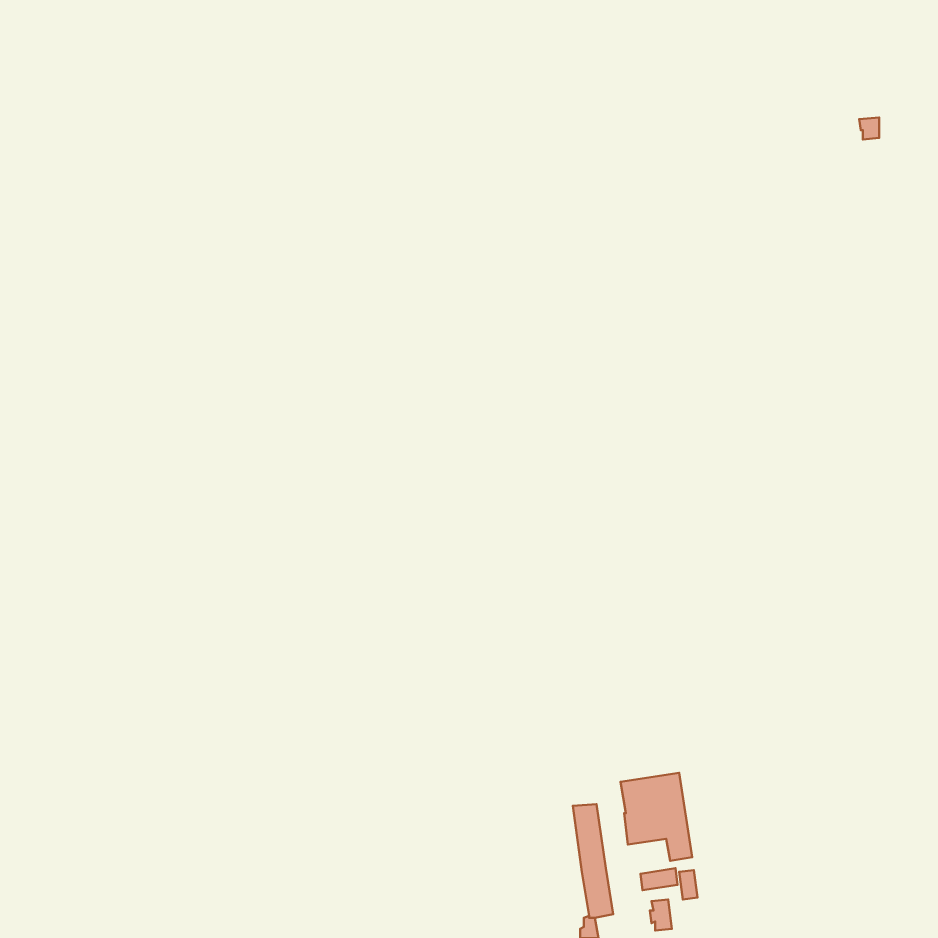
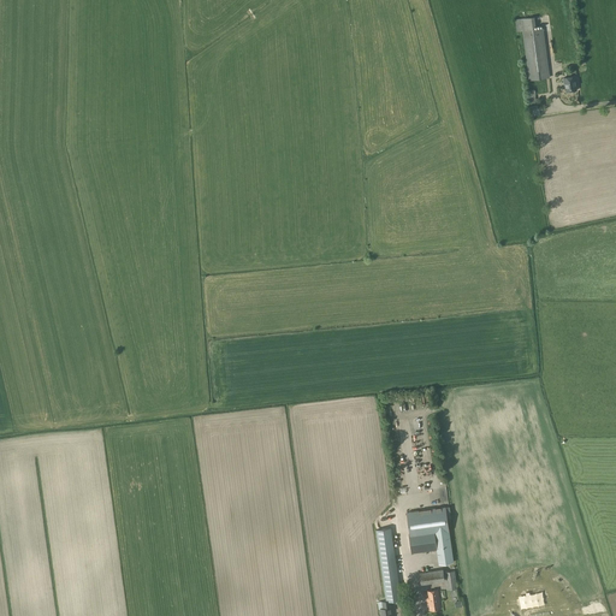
building: none -> [515,17,550,79]

